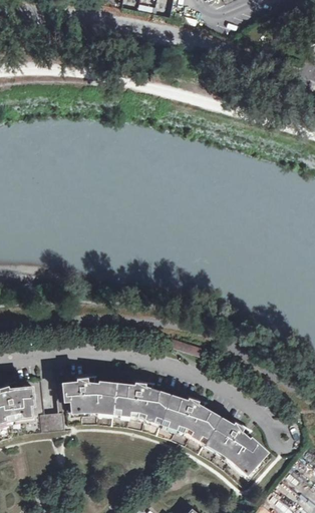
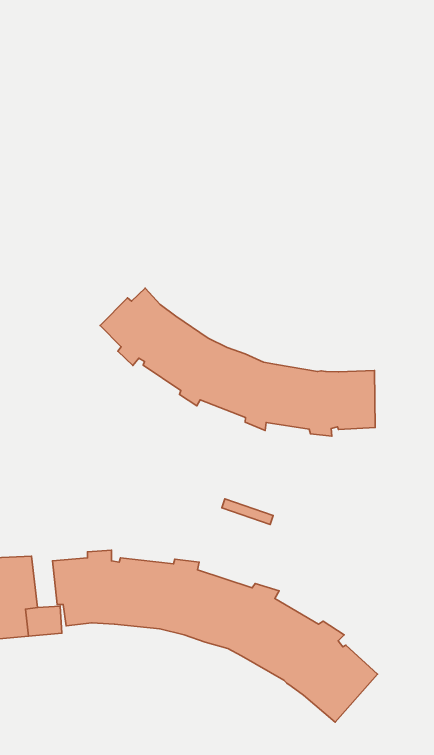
building: none -> [100,288,375,436]

